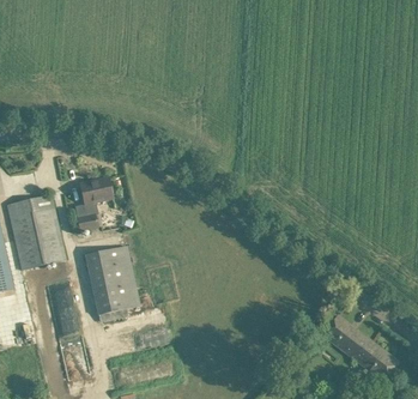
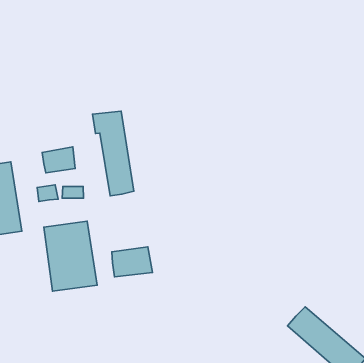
building: none -> [93,111,134,196]
building: none -> [112,247,153,277]

